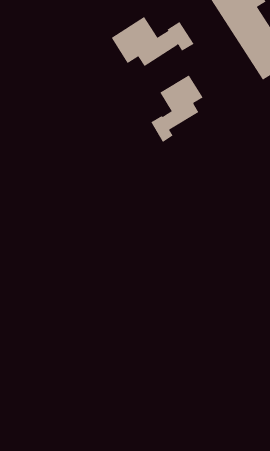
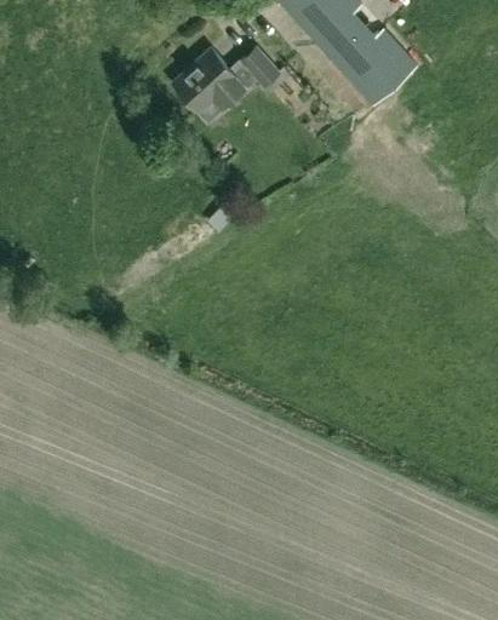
building: [150,75,203,143] -> none

